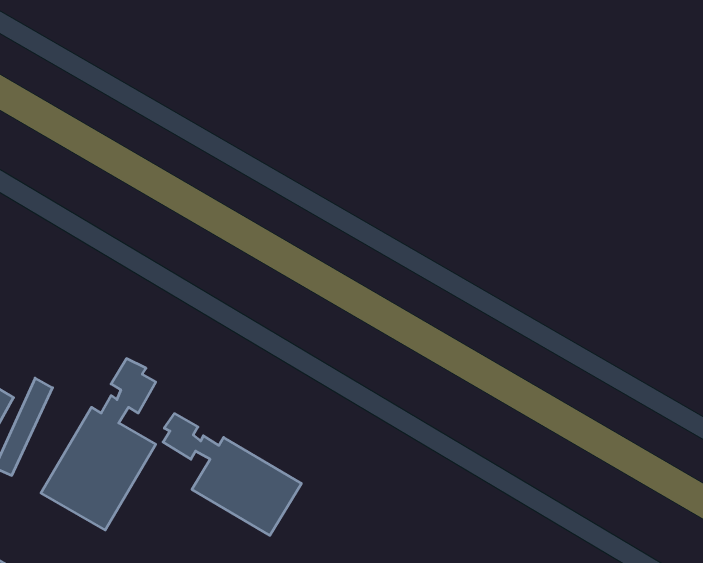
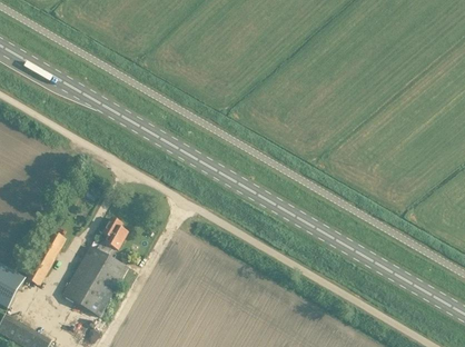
building: [163,414,301,535] -> none

